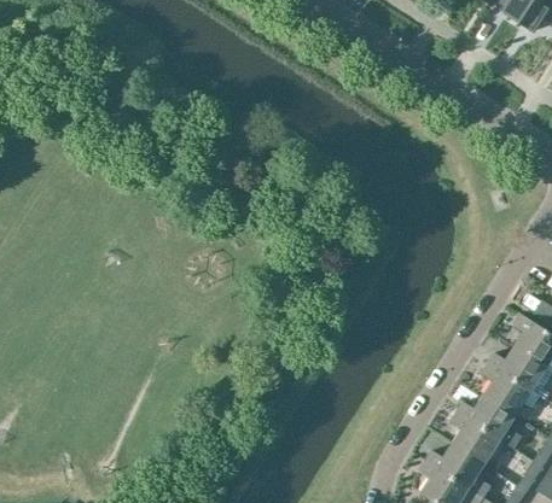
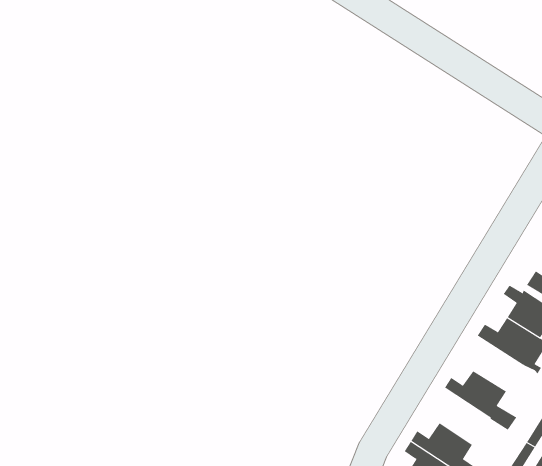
building: [481,362,540,414] -> none
building: [449,410,499,463] -> none

